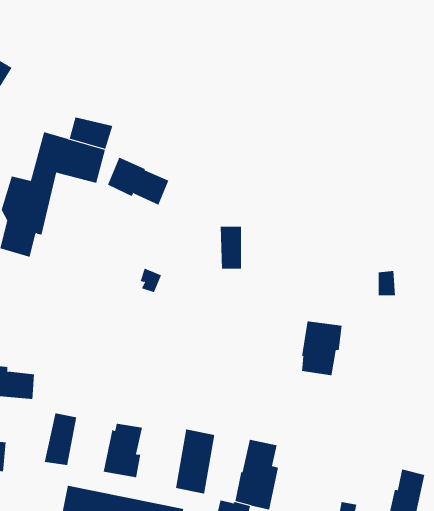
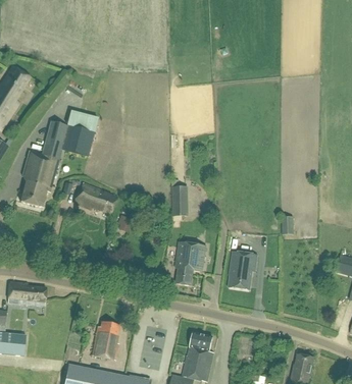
building: [107,157,169,206] -> [74,179,117,213]
building: none -> [175,240,206,284]
building: [44,413,77,466] -> none

